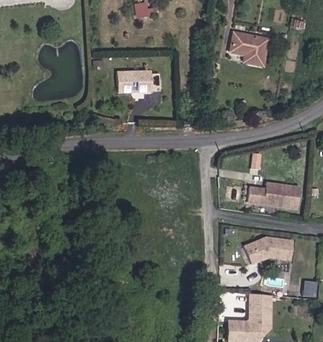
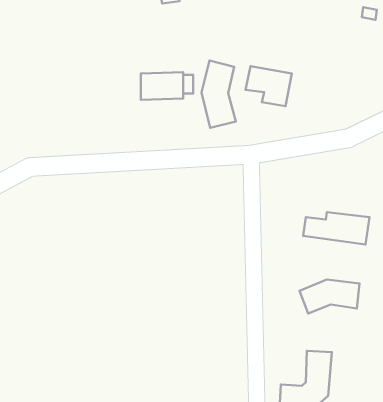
building: [231,33,268,65] -> [245,66,292,106]
building: none -> [202,61,236,128]

